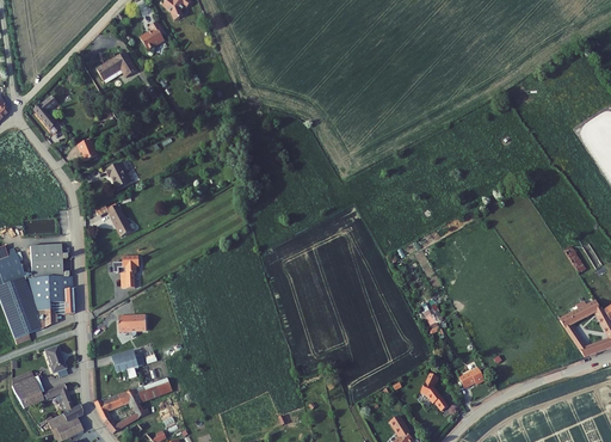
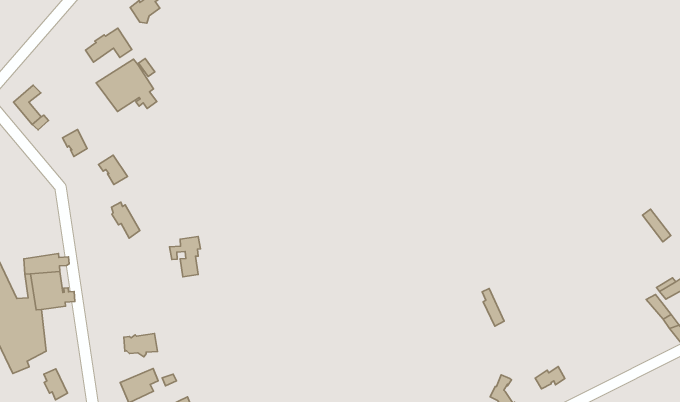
building: none -> [96,59,157,111]
building: [113,253,140,287] -> [169,236,200,277]
building: [45,286,75,326] -> none

